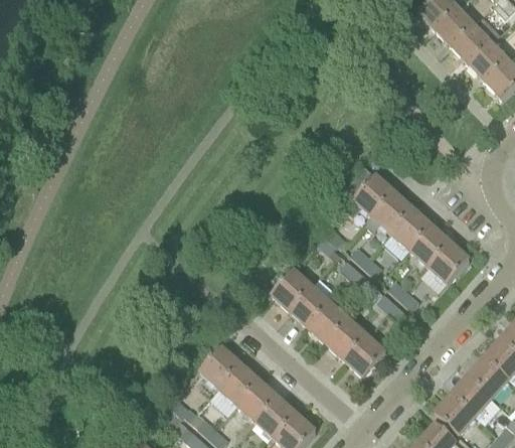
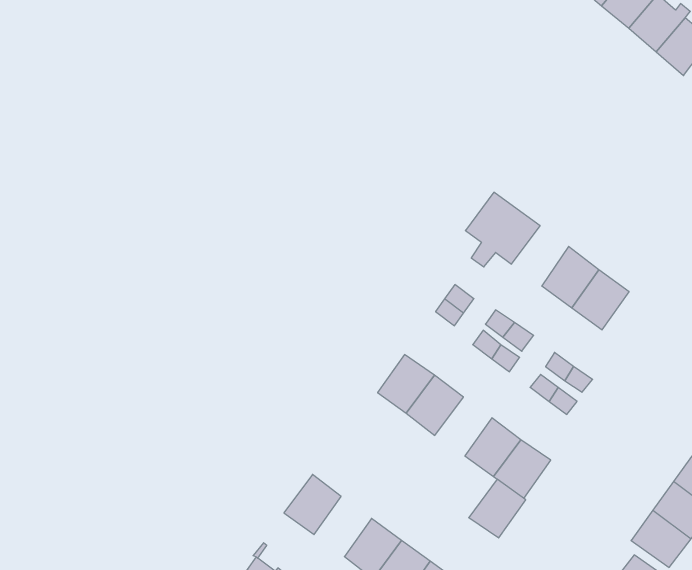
building: [365,192,412,234] -> none
building: [430,244,470,284] -> none
building: [308,304,348,344] -> [469,479,526,538]
building: [218,363,259,405] -> none

